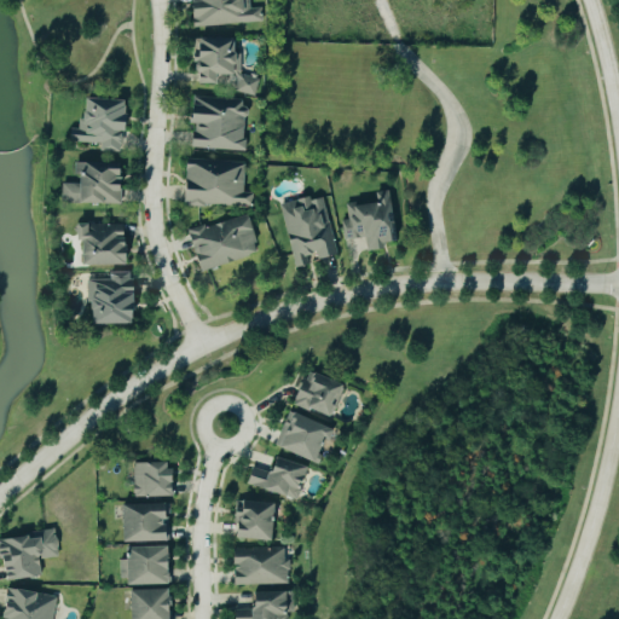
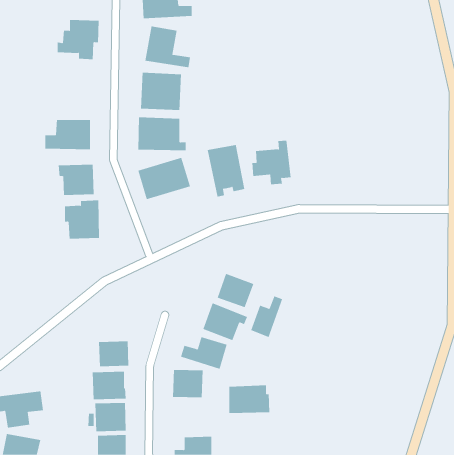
building: [71,97,129,151] -> [57,20,100,60]
building: none -> [251,296,283,338]
building: [232,546,289,585] -> [228,385,270,413]

